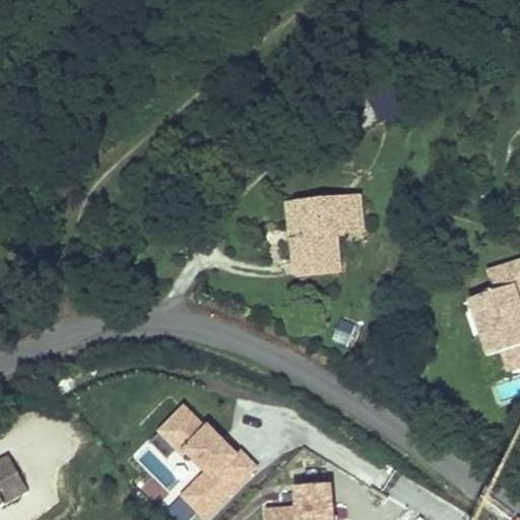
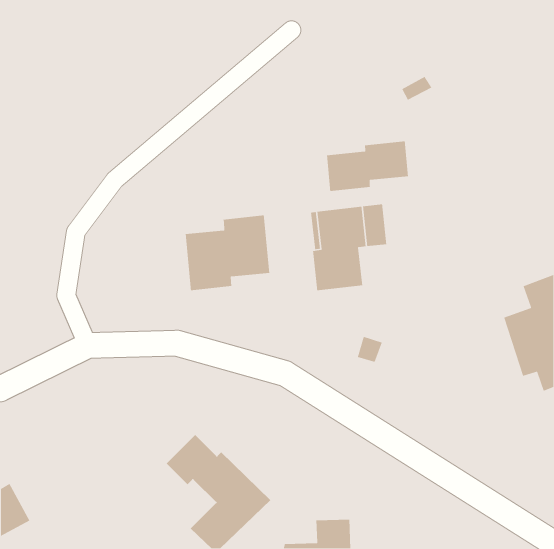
building: none -> [326,141,409,192]
building: none -> [185,215,270,291]

